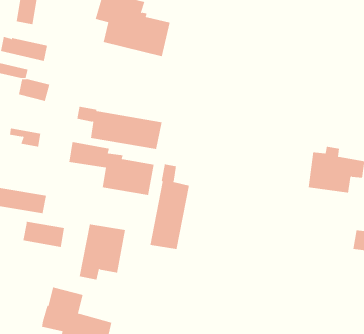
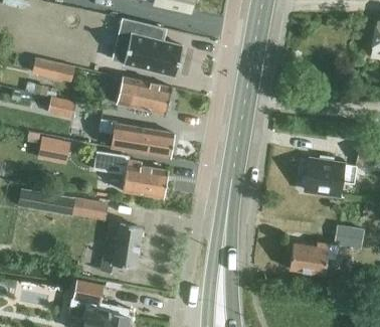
building: none -> [116,77,172,115]
building: [150,163,189,250] -> none
building: [23,221,65,247] -> [70,196,108,219]
building: none -> [286,242,336,277]

